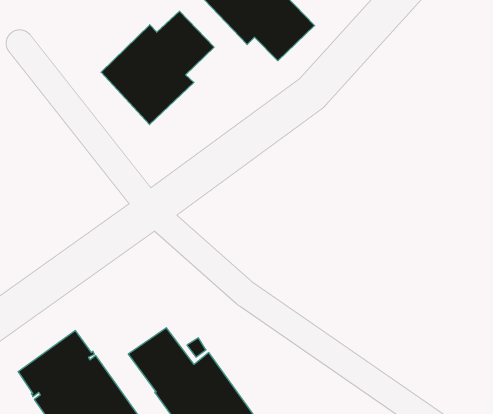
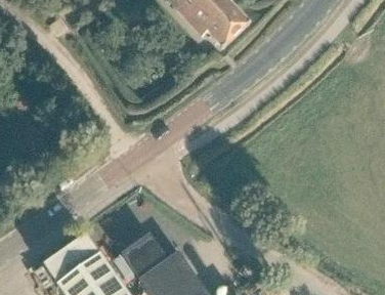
building: [101,11,214,125] -> none

